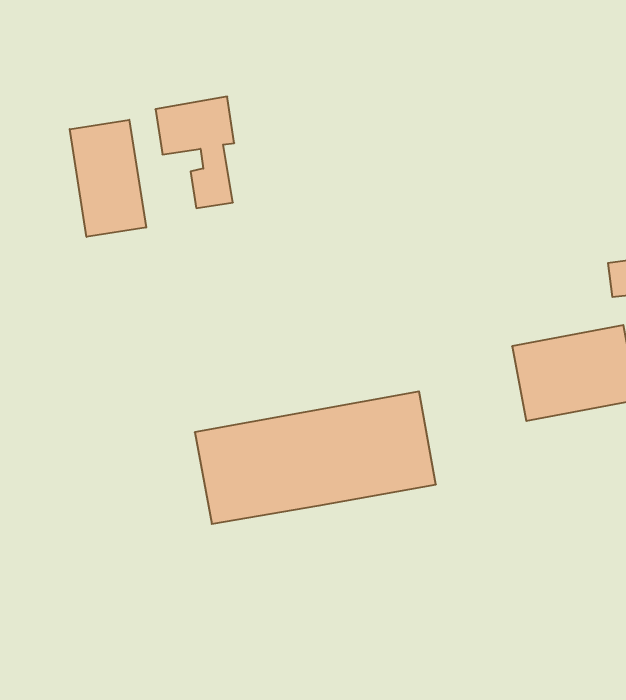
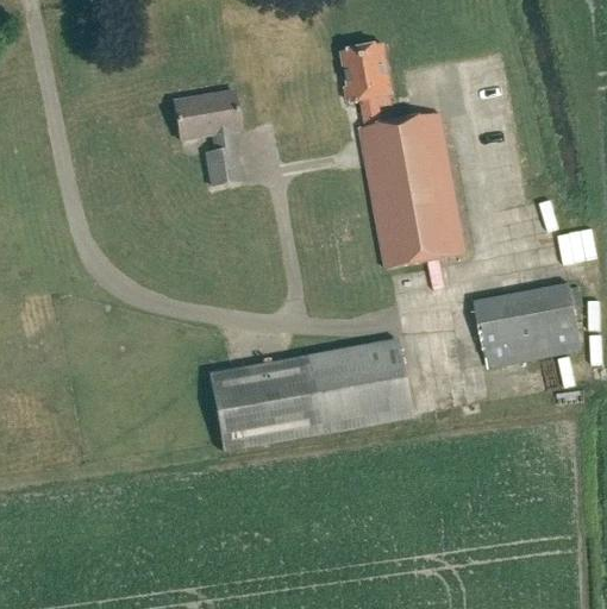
building: none -> [342,44,467,269]
building: [70,120,146,237] -> none

